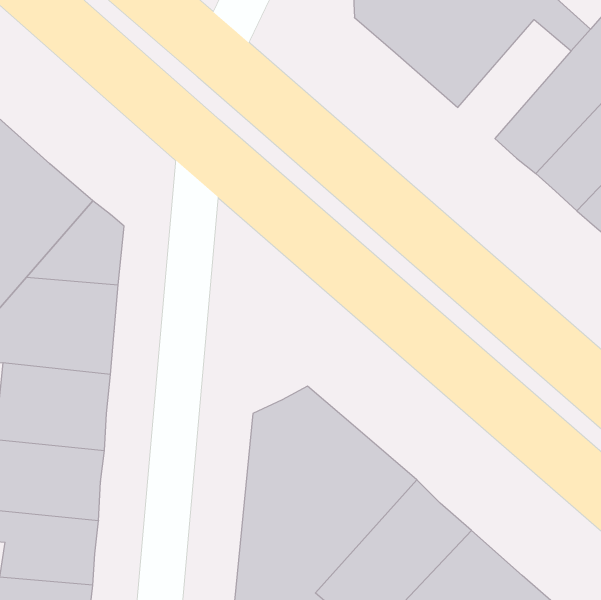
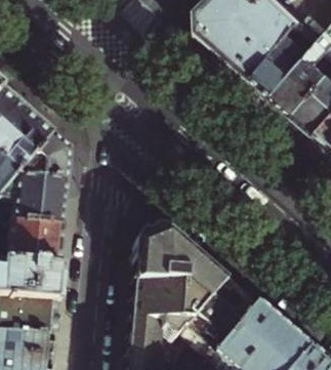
building: none -> [248,34,307,96]

